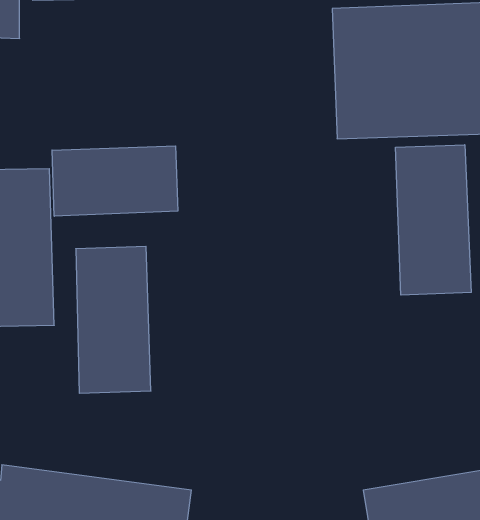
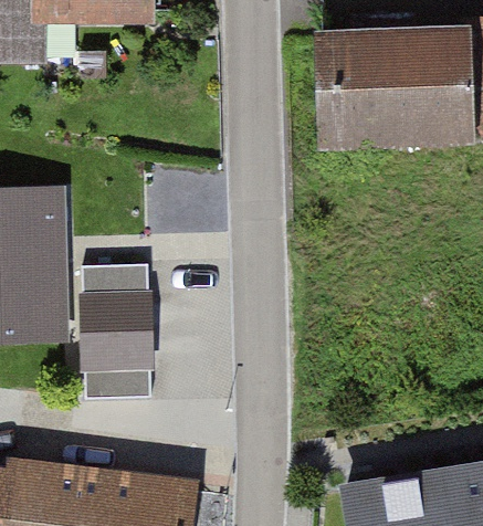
building: [396,145,471,295] -> none
building: [52,146,178,216] -> none

